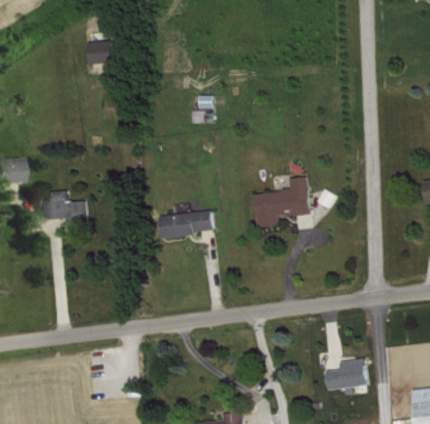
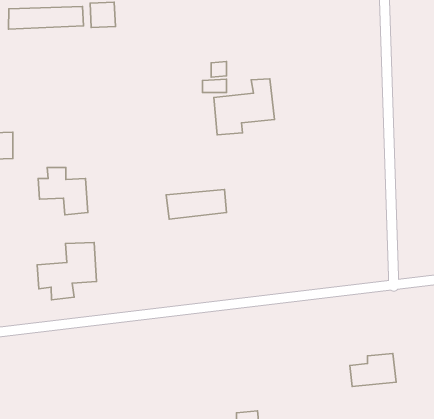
building: none -> [8,7,83,29]
building: [254,176,309,227] -> [214,79,274,135]
building: none -> [37,242,97,300]

